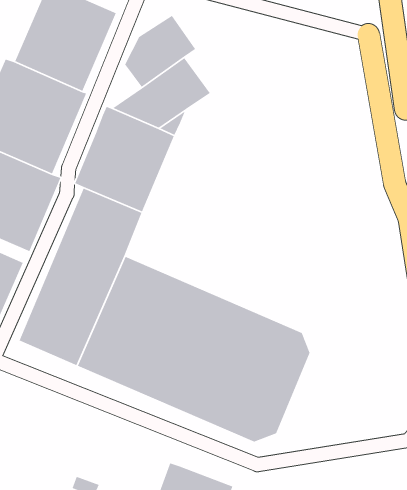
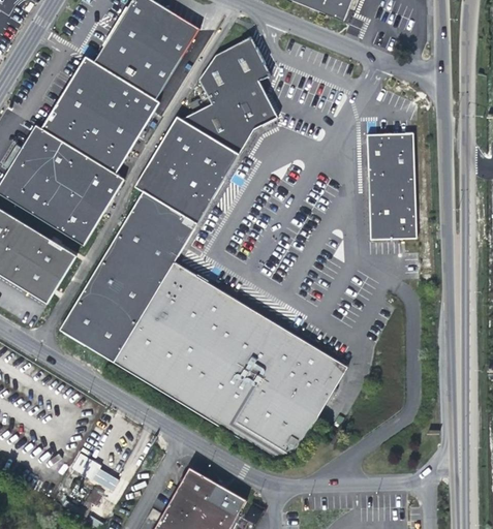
building: none -> [365,133,417,234]

